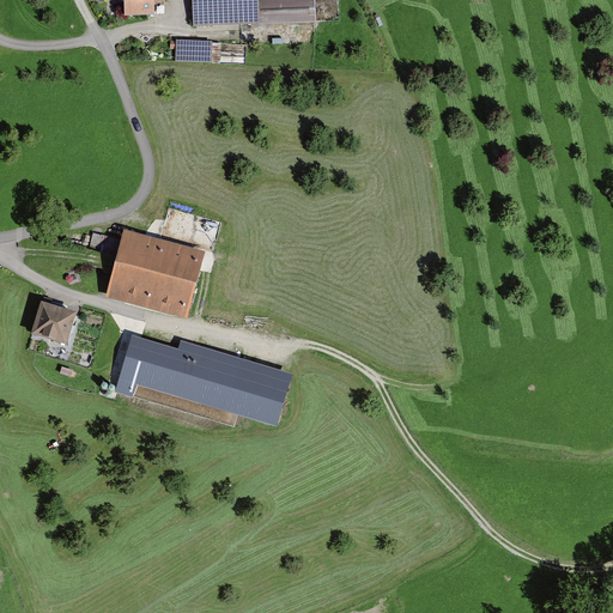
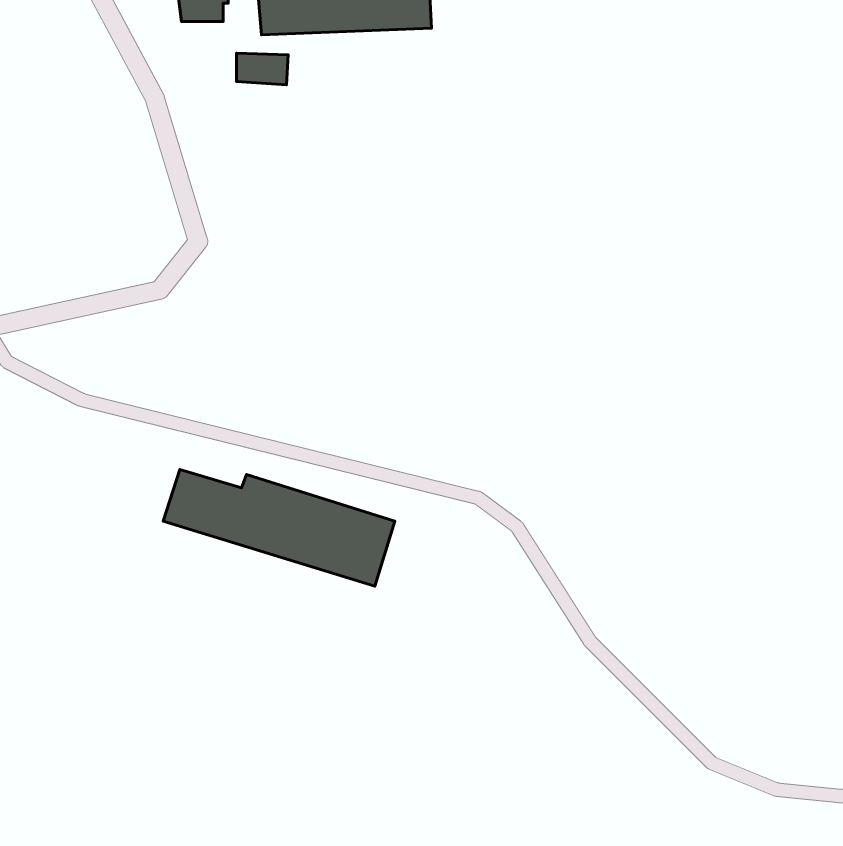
building: [111,227,212,314] -> none
building: [25,303,71,346] -> none

